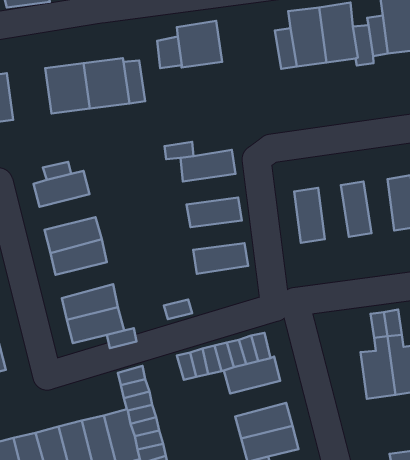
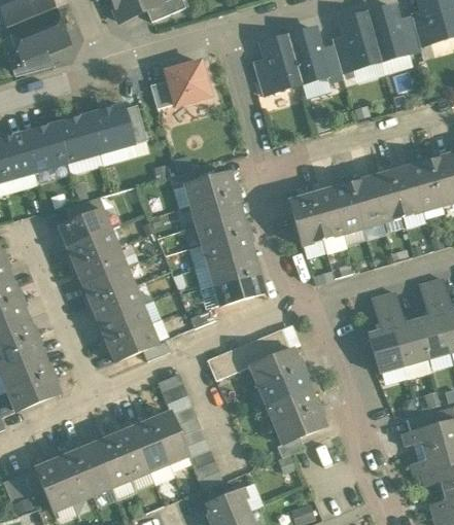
building: none -> [23,124,67,173]
building: none -> [190,192,241,225]
building: none -> [349,178,382,227]
building: none -> [310,189,343,239]
building: none -> [68,229,118,266]
building: none -> [203,233,252,265]
building: none -> [91,286,142,323]
building: none -> [214,272,265,306]
building: none -> [258,369,309,406]

